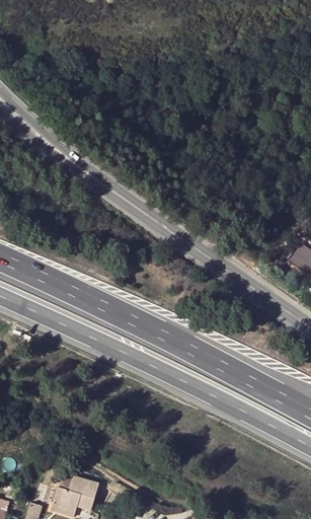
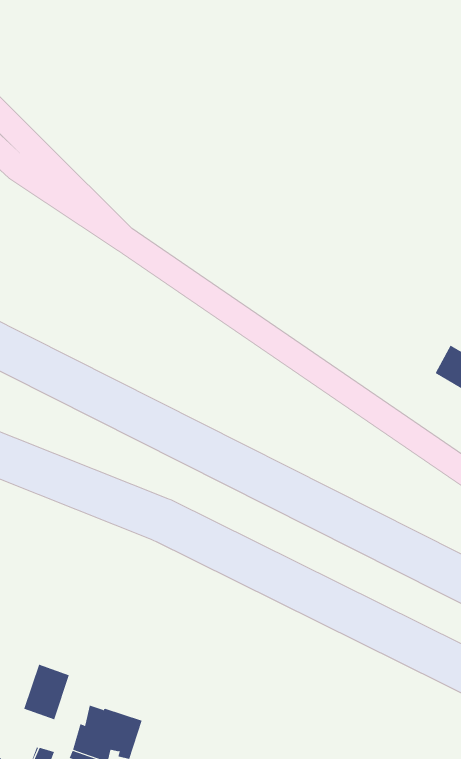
building: none -> [24,664,69,720]

